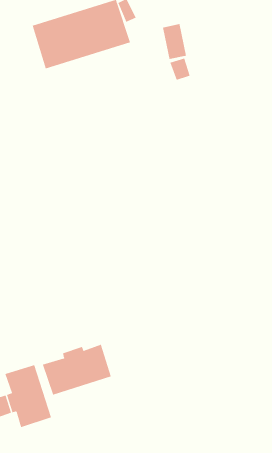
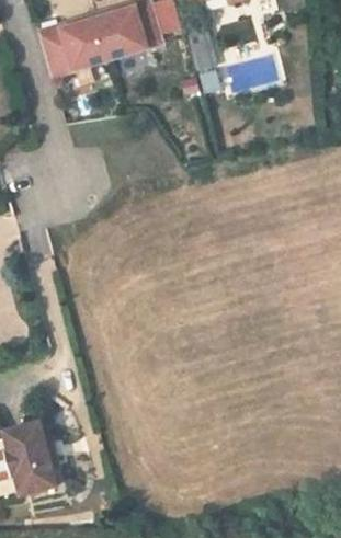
building: [42,344,111,396] -> none

